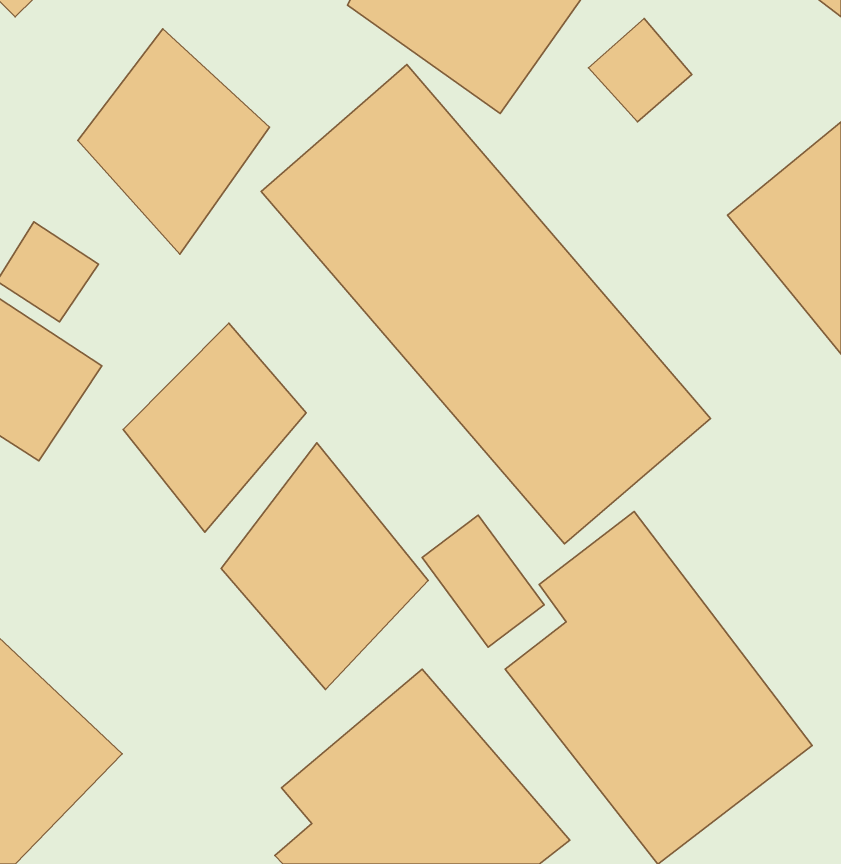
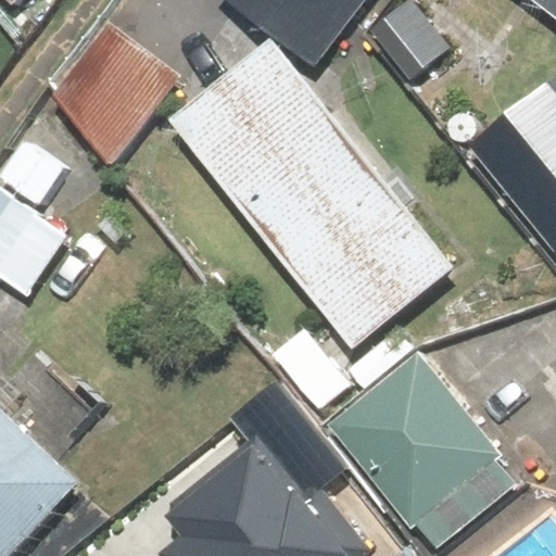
building: [123,323,306,532] -> none
building: [221,443,428,690] -> none

